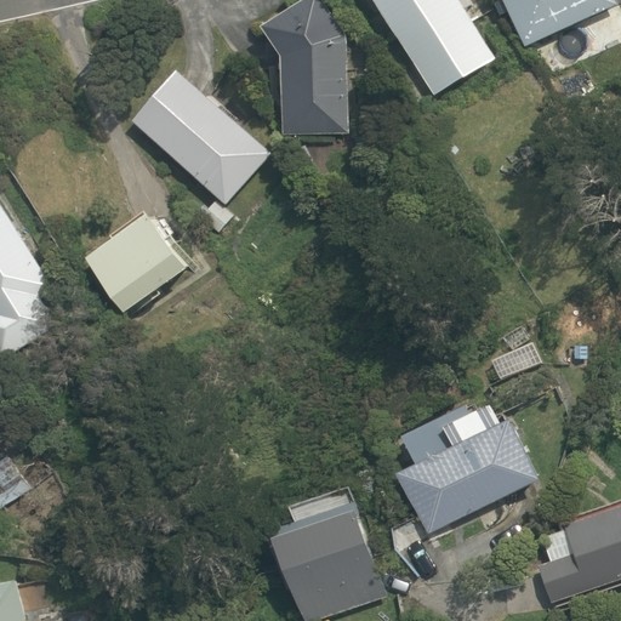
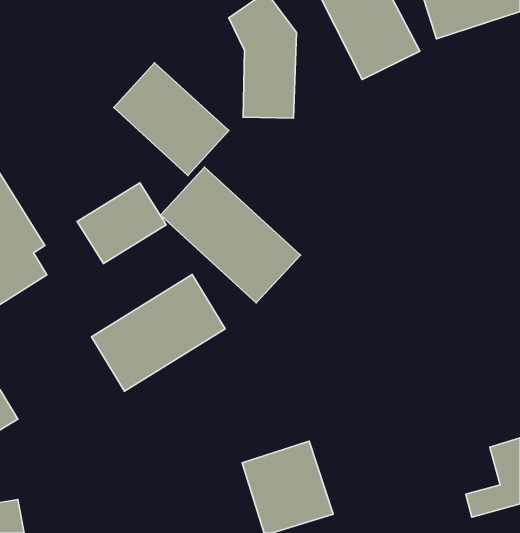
building: none -> [160,167,300,303]
building: none -> [92,275,225,391]
building: [397,399,545,530] -> none

